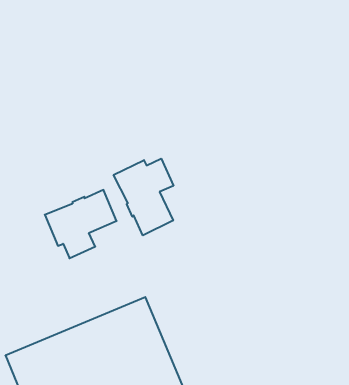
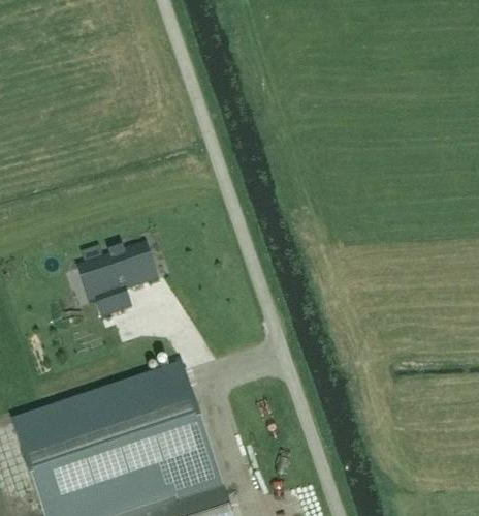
building: [114,159,173,235] -> none

